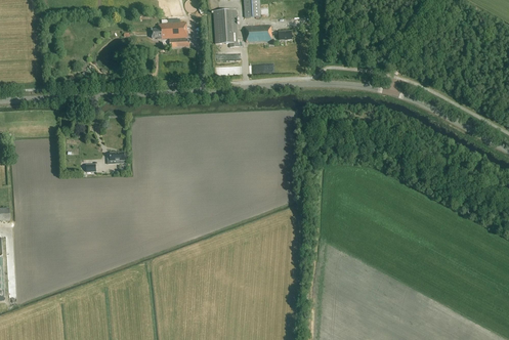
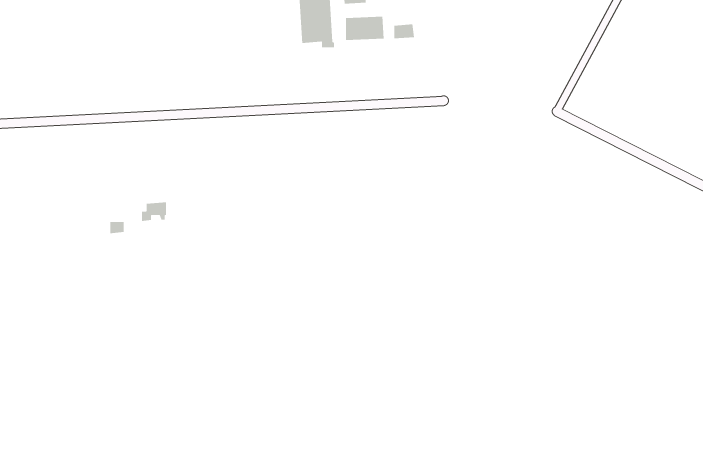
building: [151,22,188,46] -> none

